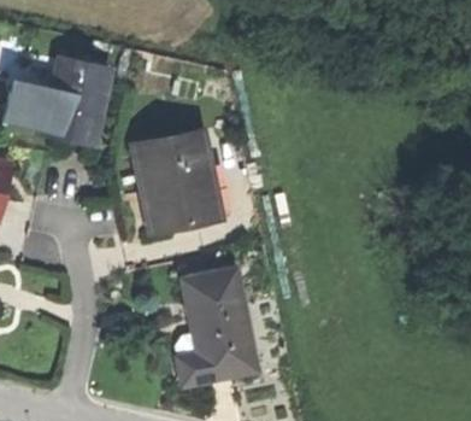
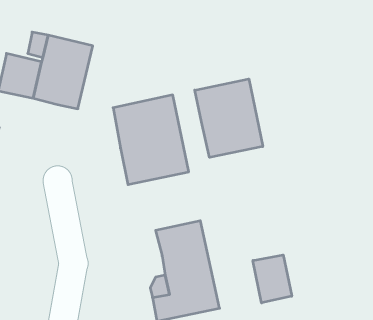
building: none -> [195,79,263,157]
building: none -> [253,255,292,303]

